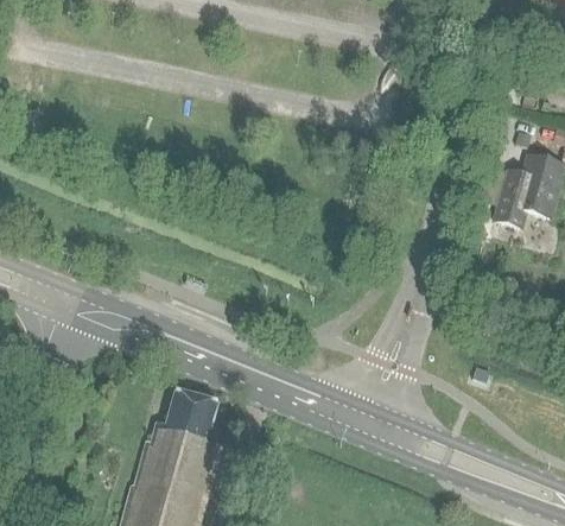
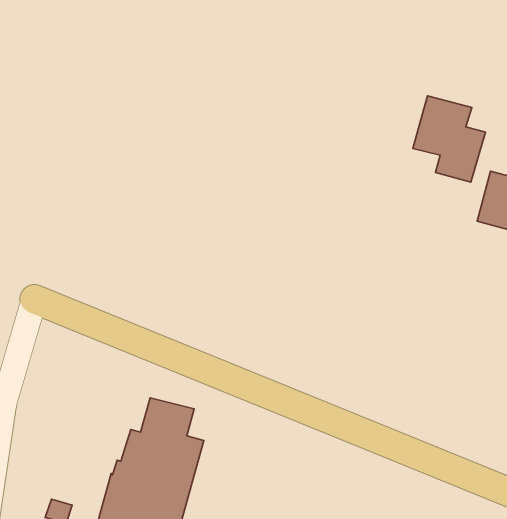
building: none -> [413,96,486,182]

